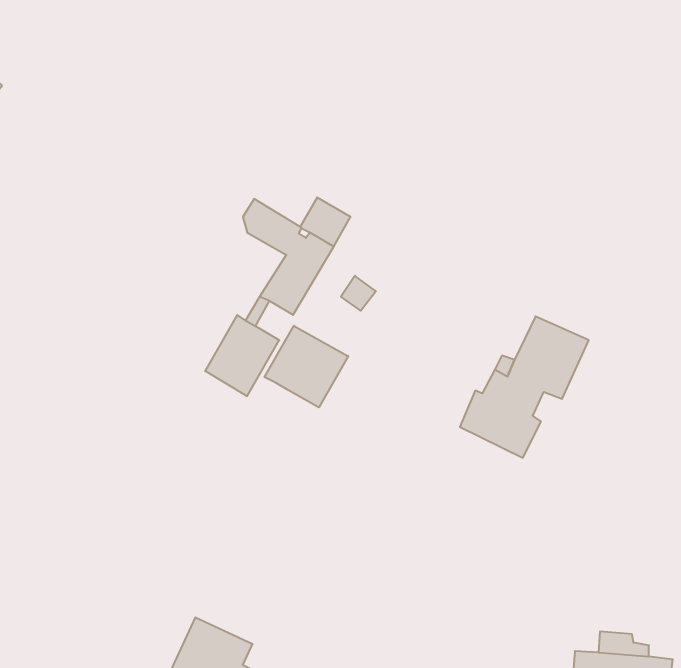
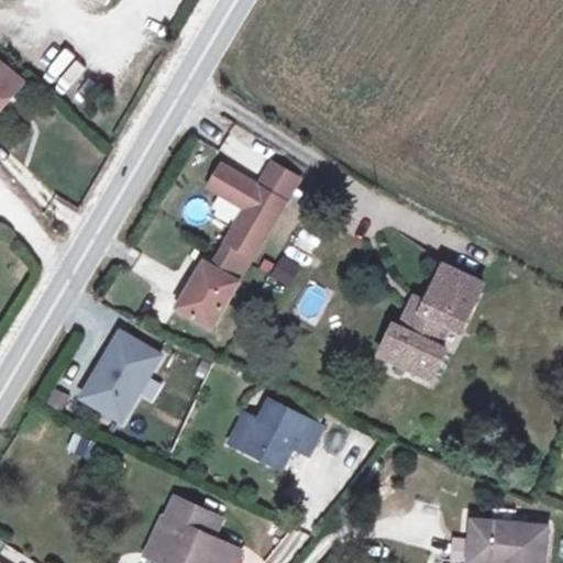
building: [264,326,348,407] -> none
building: none -> [81,329,159,418]
building: none -> [230,402,320,470]

